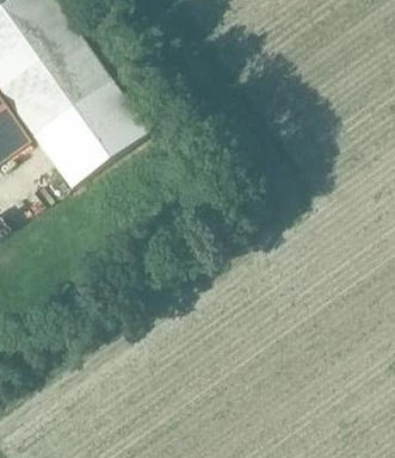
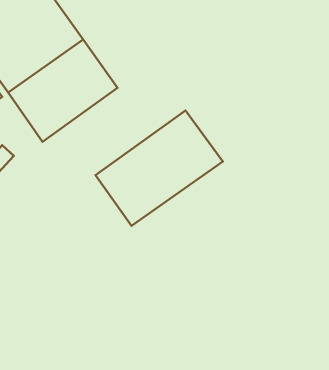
building: none -> [95,111,223,226]

